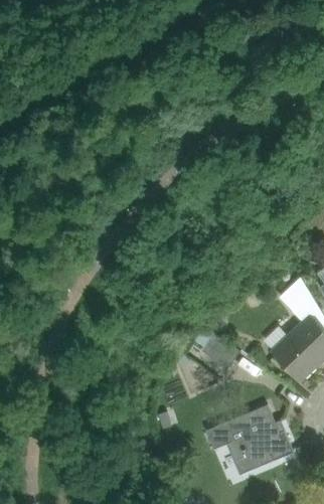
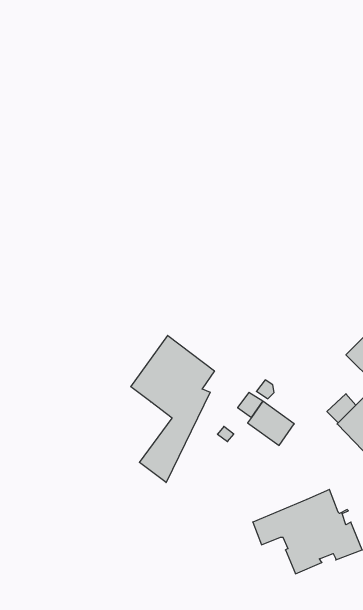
building: none -> [131,335,214,483]

